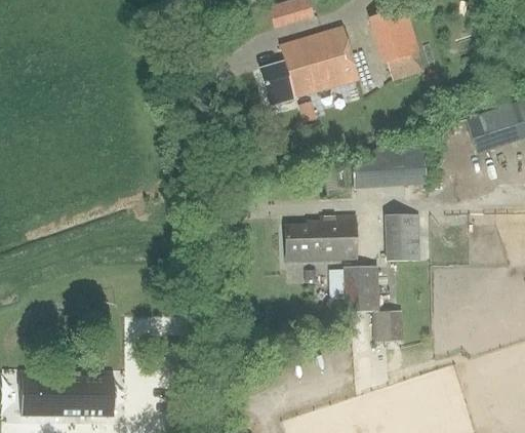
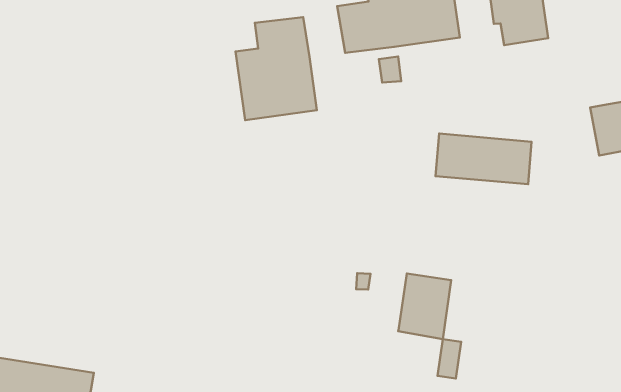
building: none -> [235,17,317,120]
building: [385,214,420,261] -> none
building: [285,215,356,260] -> none

